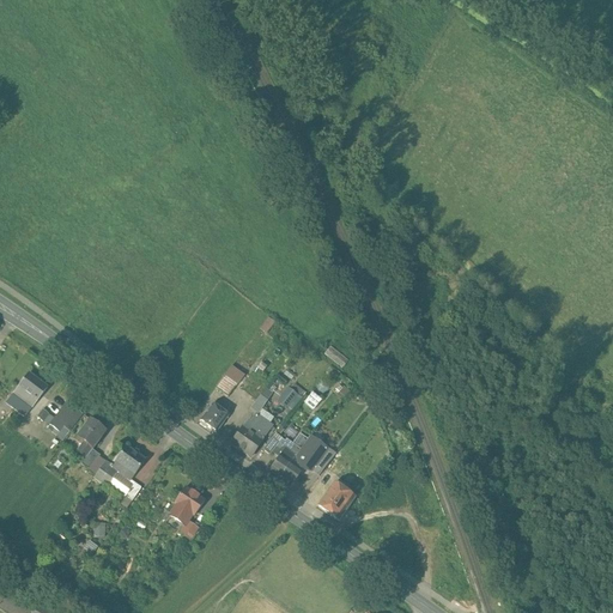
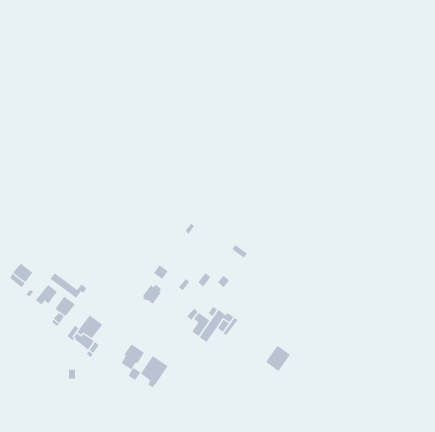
building: none -> [50,272,87,298]
building: [232,418,265,453] -> none
building: [320,478,356,516] -> [265,345,291,372]
building: none -> [140,355,169,388]

